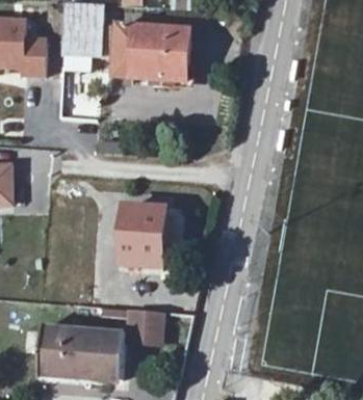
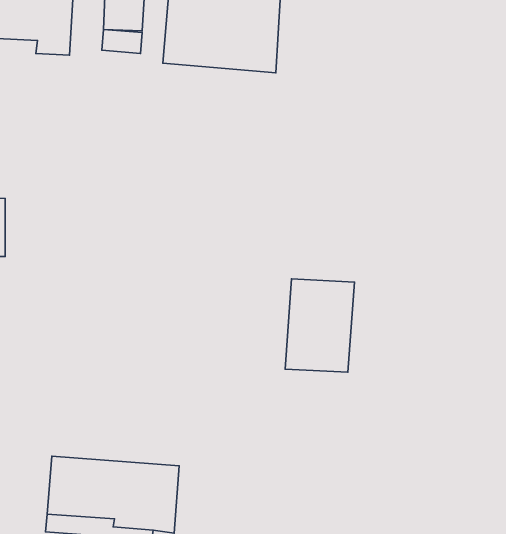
building: [119,207,163,267] -> [285,279,354,372]
building: [123,311,159,344] -> none

